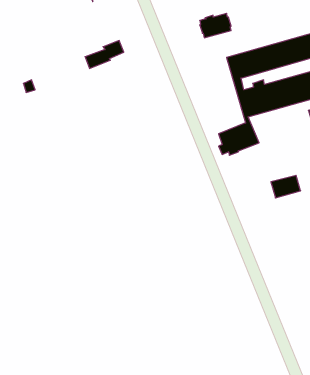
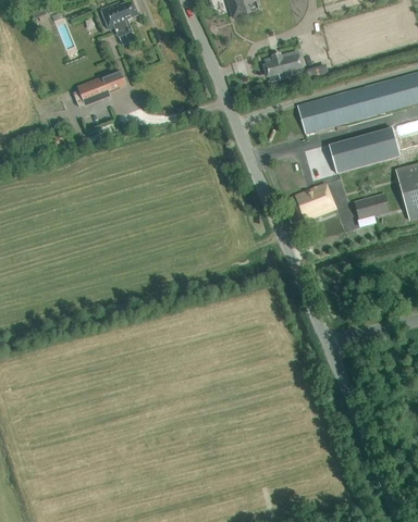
building: [85,41,124,68] -> [81,70,127,103]
building: [271,175,301,198] -> [355,192,391,220]

